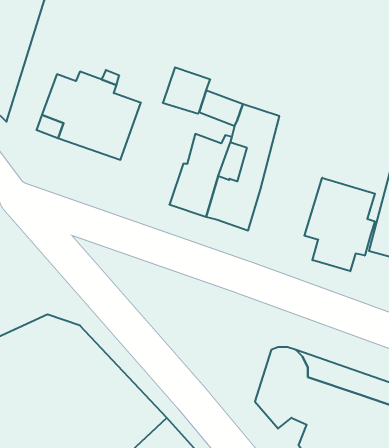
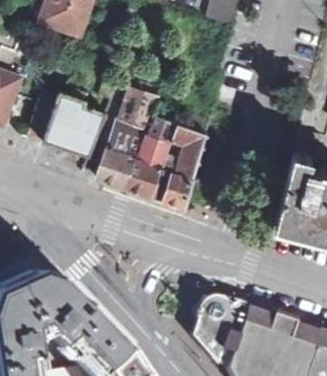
building: none -> [98,124,147,190]
building: [304,178,375,271] -> none

